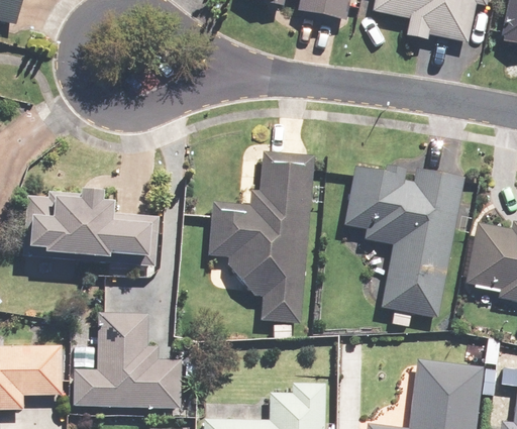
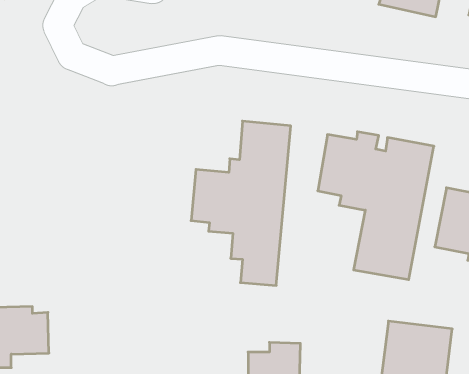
building: [24,191,158,265] -> none
building: [73,314,182,408] -> none

